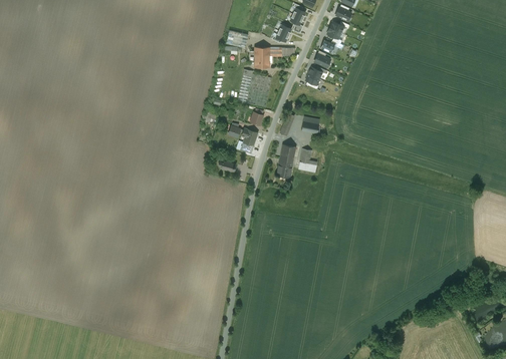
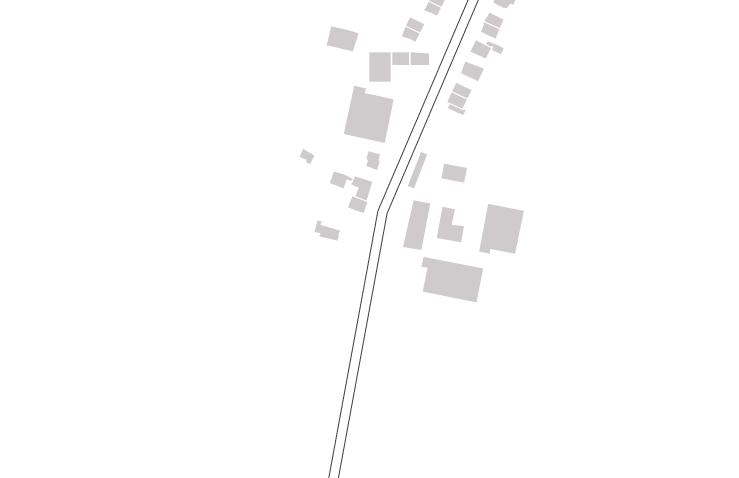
building: none -> [479,203,525,255]
building: none -> [421,256,484,303]

